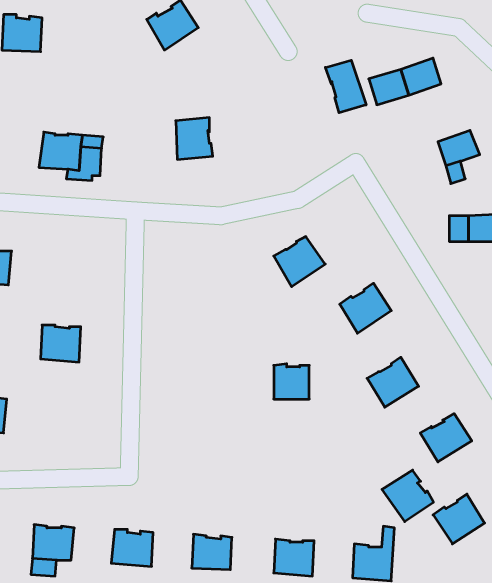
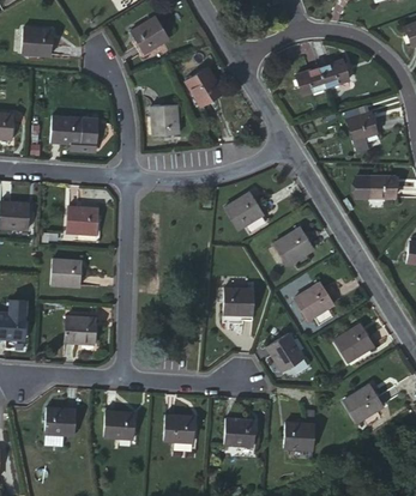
building: [325,60,366,113] -> none
building: none -> [186,68,223,107]
building: none -> [68,206,98,234]
building: none -> [65,315,97,344]
building: [382,470,433,522] -> [266,333,305,371]

